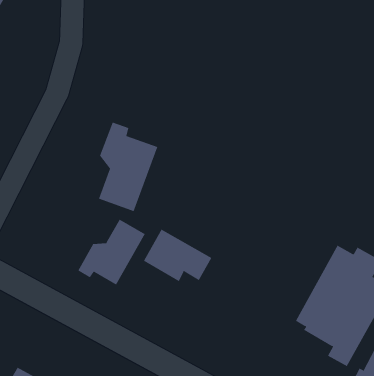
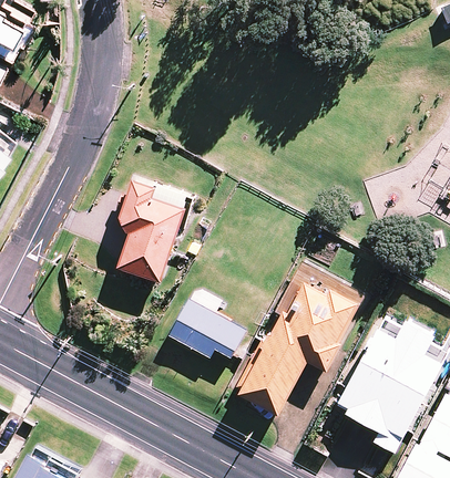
building: none -> [239,270,359,413]
building: [78,219,146,285] -> none

